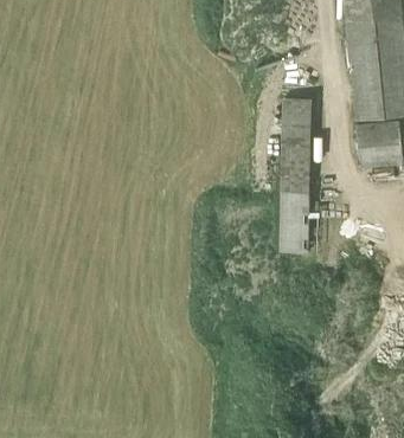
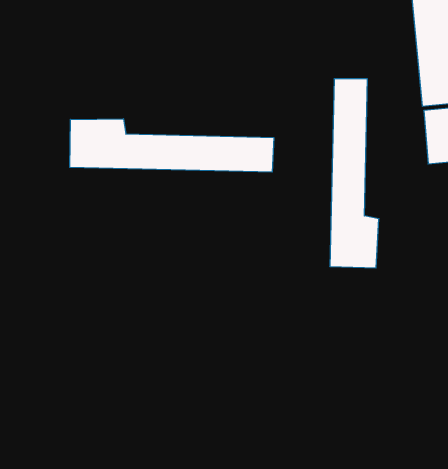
building: none -> [70,119,274,172]

